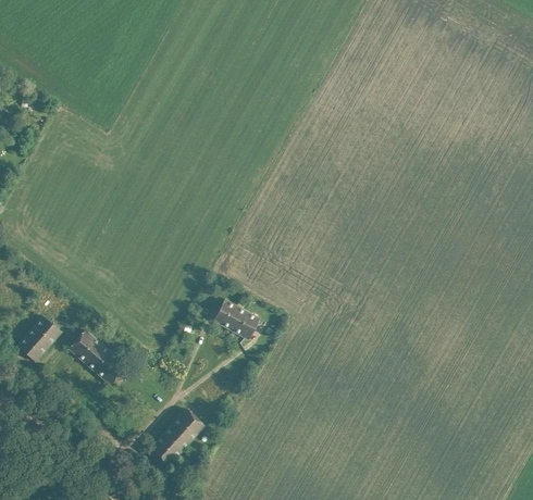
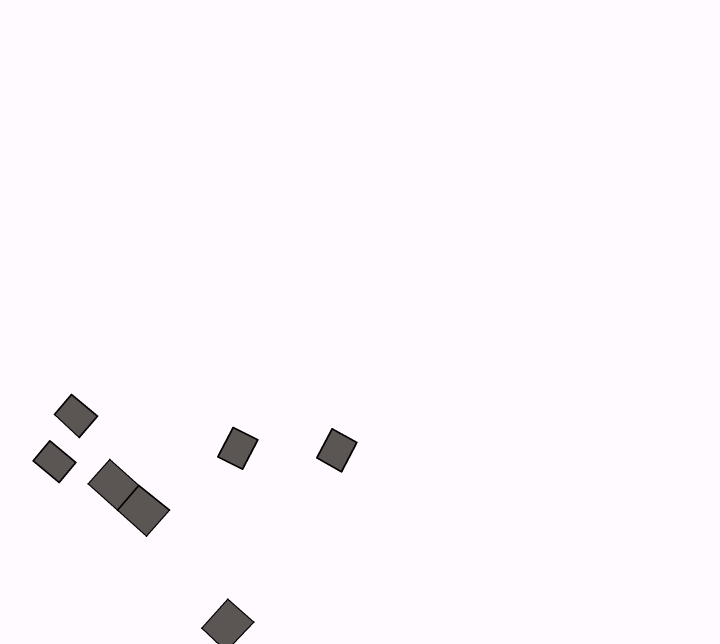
building: [213,300,241,329] -> [218,428,258,469]
building: [17,332,48,362] -> [55,395,97,438]
building: [168,409,204,446] -> none

